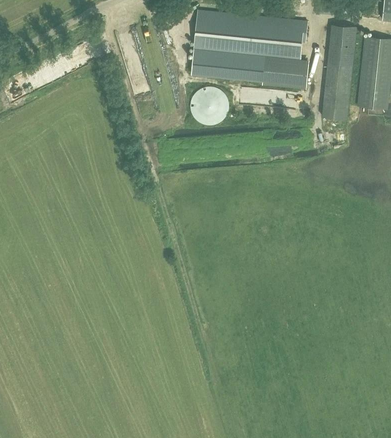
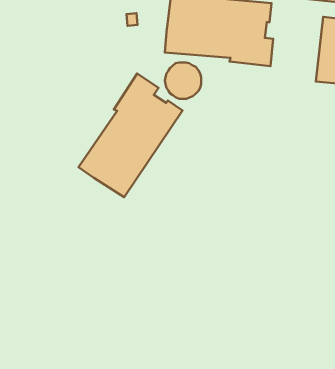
building: [322,24,357,119] -> none
building: none -> [78,74,183,197]

